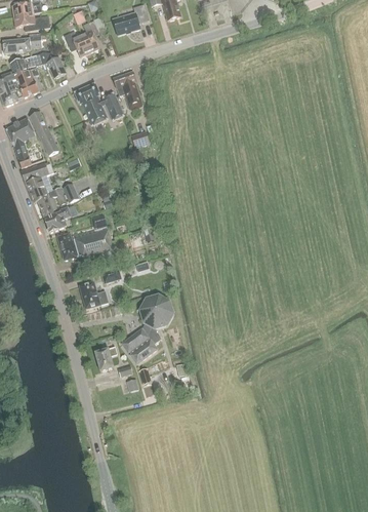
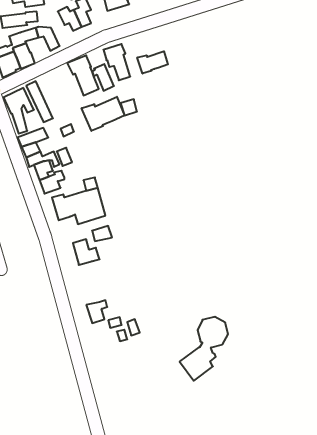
building: none -> [137,51,168,74]
building: none -> [82,97,124,131]
building: [121,296,173,364] -> [180,317,228,381]

